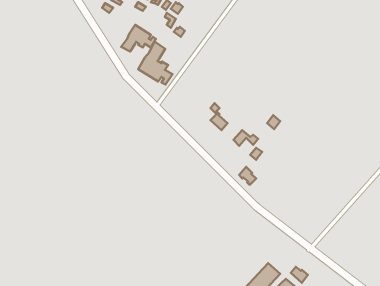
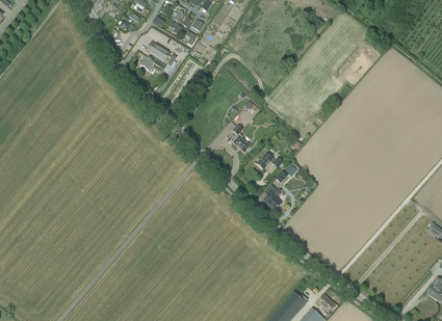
building: [138,42,173,85] -> none

